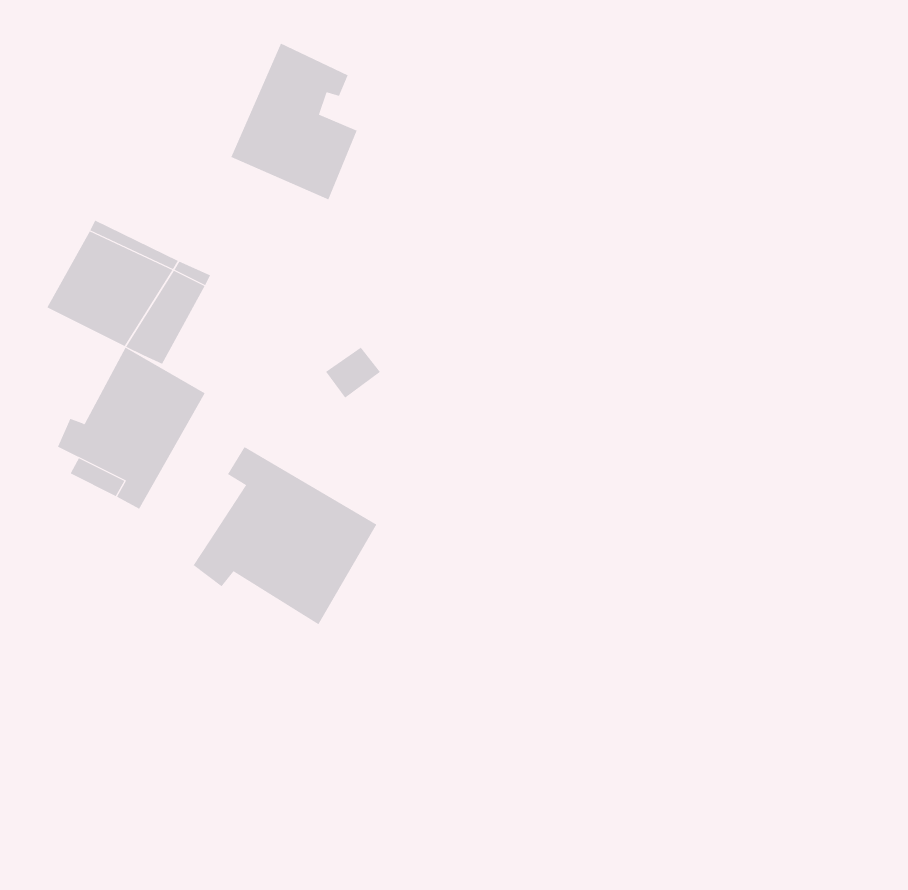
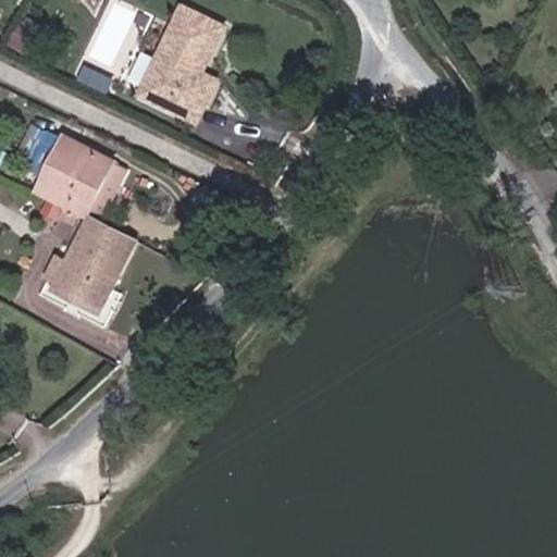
building: none -> [174,7,225,46]
building: [193,446,377,625] -> none

